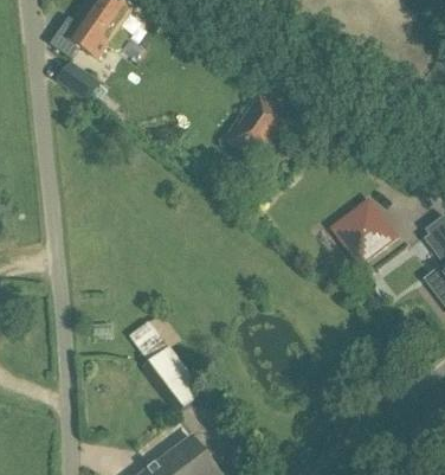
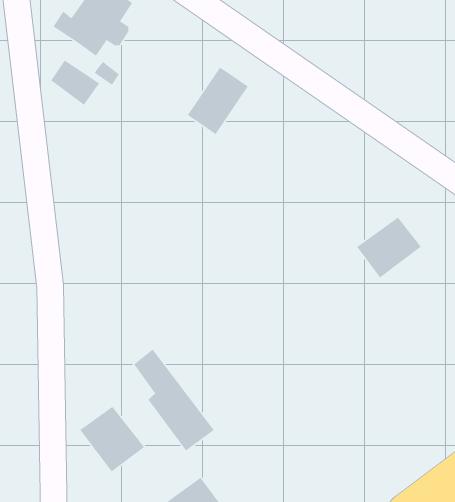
building: [228,97,284,159] -> [187,66,249,135]
building: none -> [79,406,145,473]

